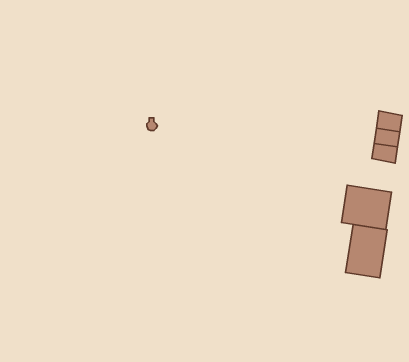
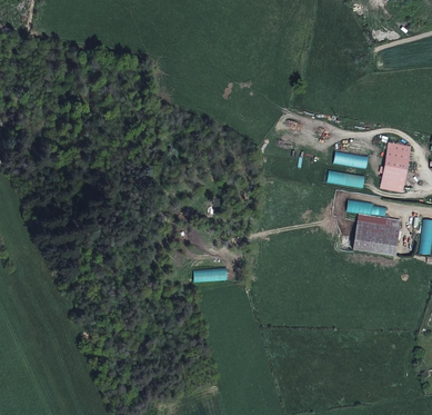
building: [345,224,387,278] -> none

